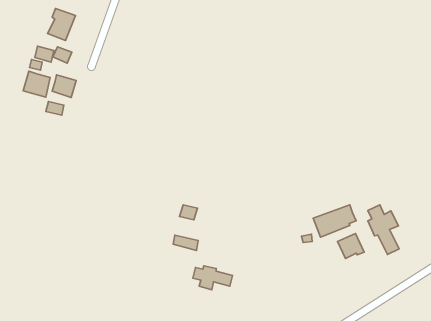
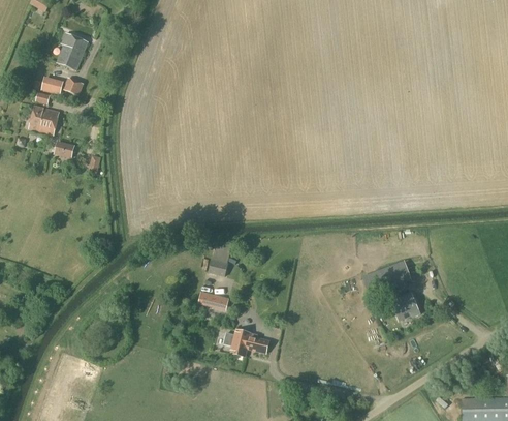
building: [52,75,76,97] -> none
building: [368,205,399,254] -> none

